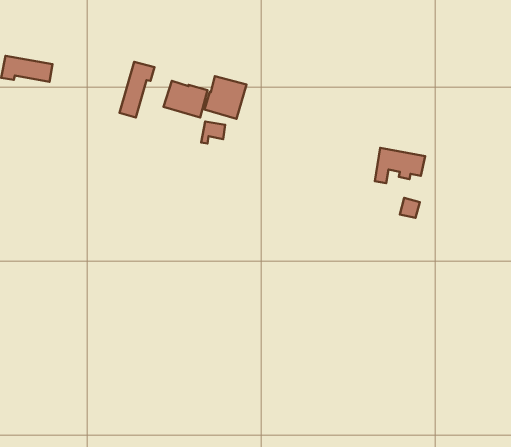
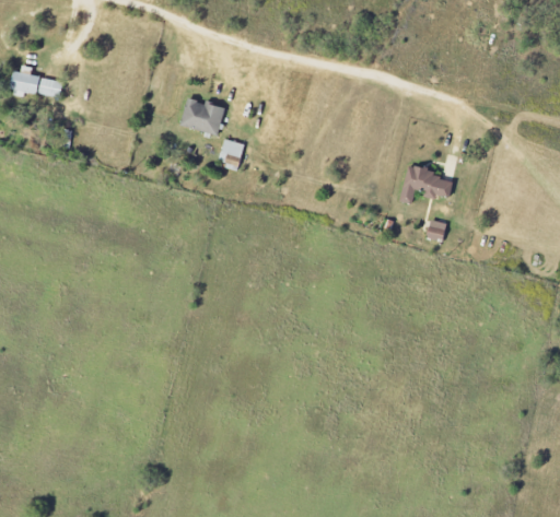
building: [120,62,155,118] -> none
building: [205,76,246,119] -> none

